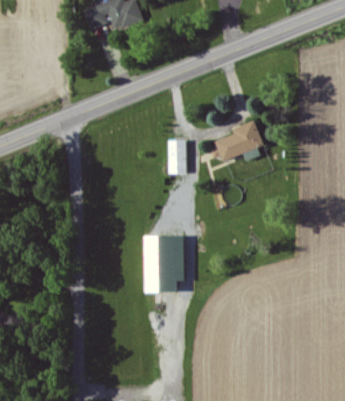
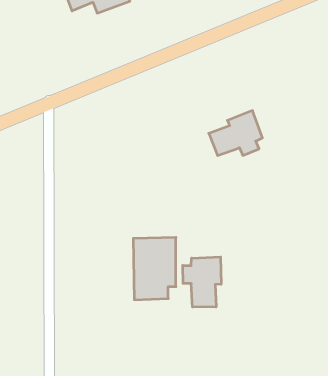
building: [168,140,186,174] -> none
building: none -> [183,257,221,307]

